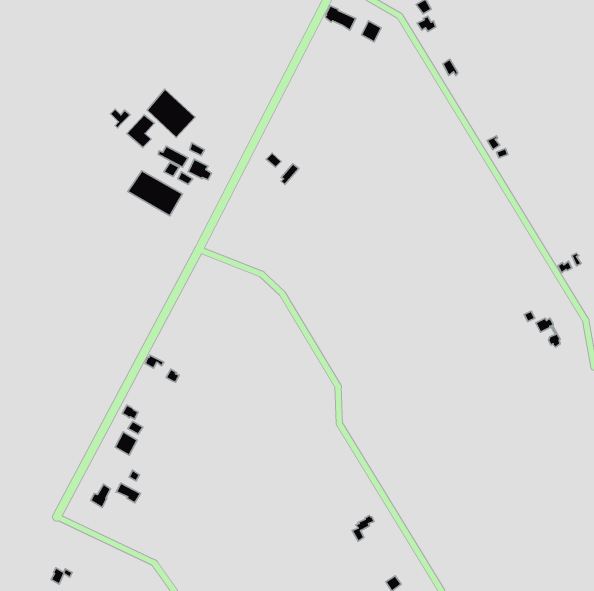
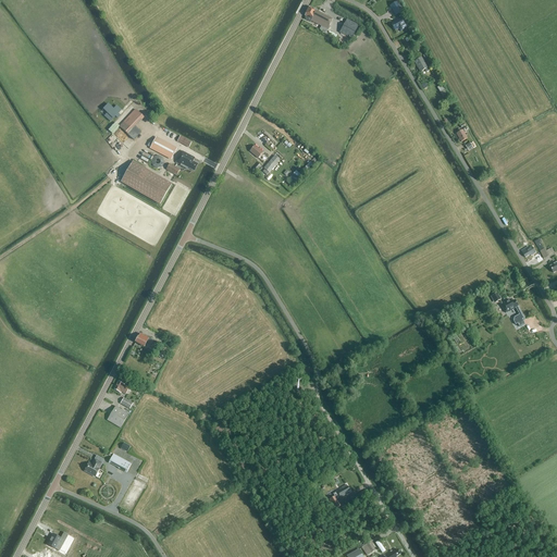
building: [147,89,195,138] -> none

